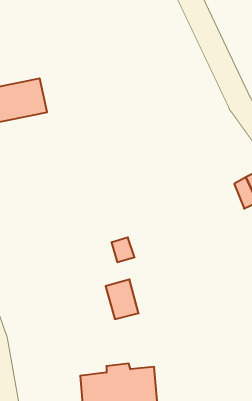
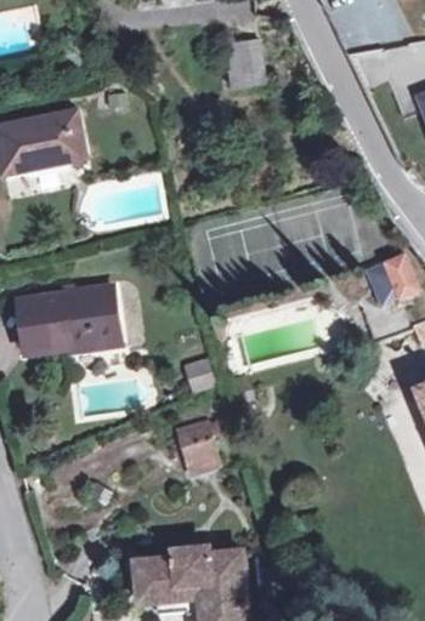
building: none -> [225,34,265,84]
building: none -> [28,296,130,365]

